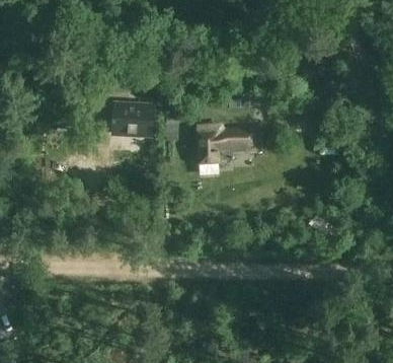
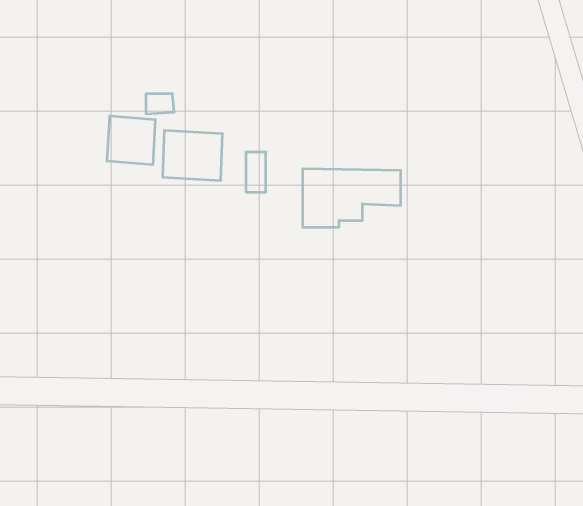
building: none -> [107,116,155,165]

